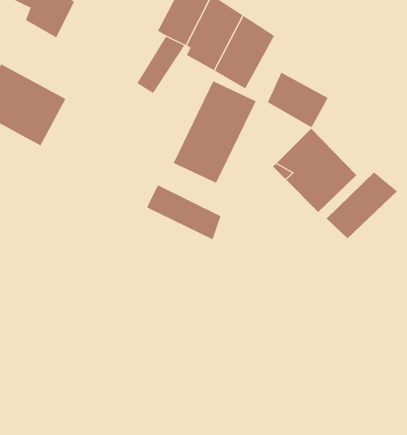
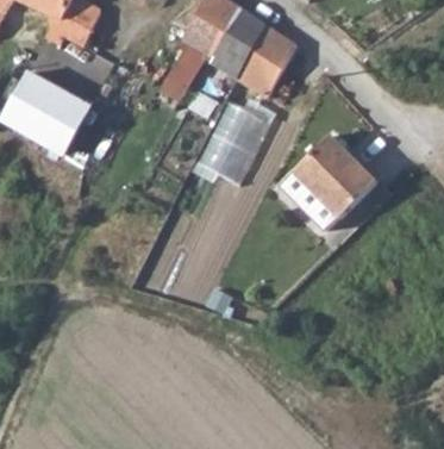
building: [267,72,328,128] -> none
building: [326,172,398,239] -> none
building: [147,185,221,240] -> none

